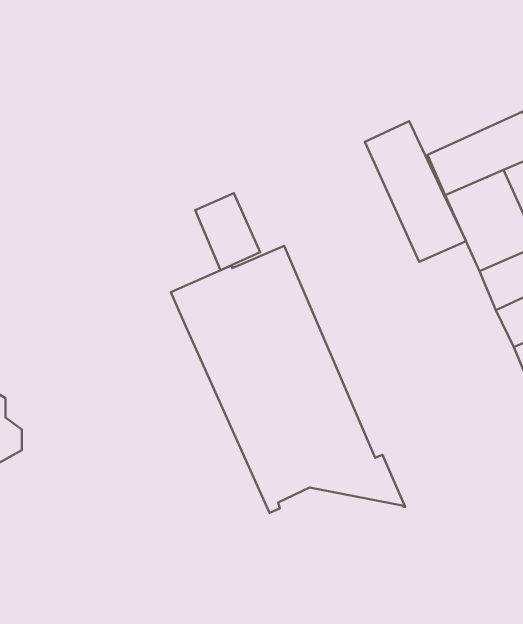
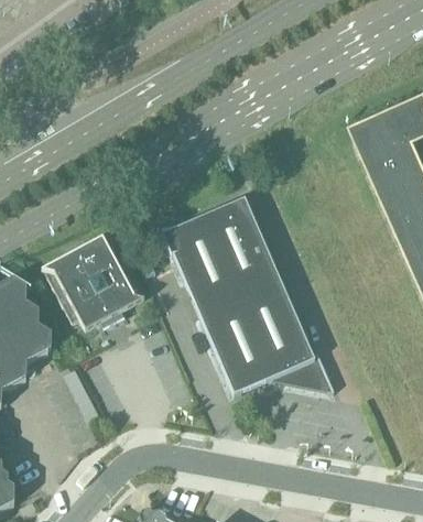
building: [365,121,466,262] -> none
building: [195,193,260,270] -> none
building: none -> [42,236,144,330]

